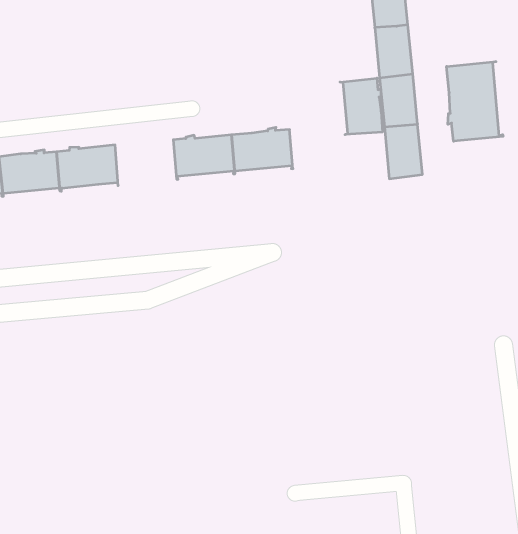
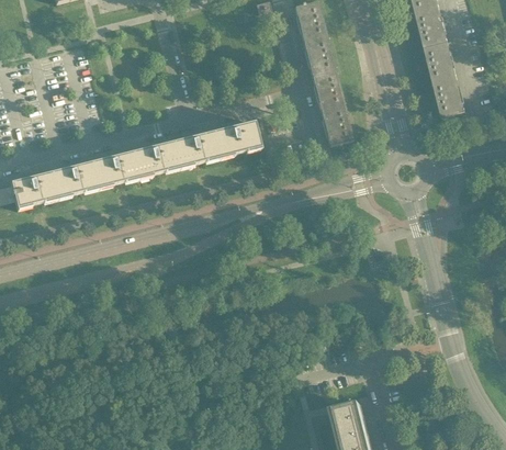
building: [447,62,503,141] -> none
building: [340,78,382,135] -> none
building: none -> [132,142,179,180]

